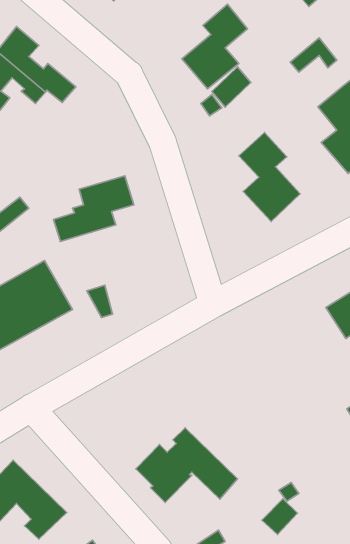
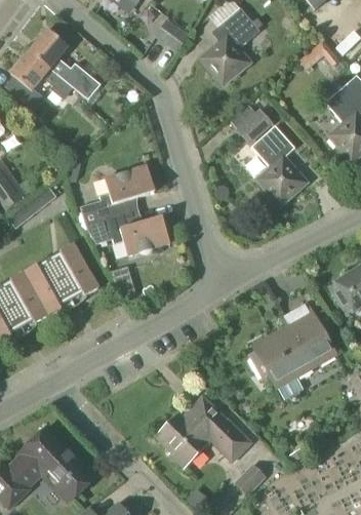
building: none -> [156,16,191,51]
building: [212,67,251,107] -> [238,107,274,144]
building: none -> [87,210,170,255]
building: none -> [253,302,335,398]
building: [262,499,297,535] -> [235,462,268,494]

